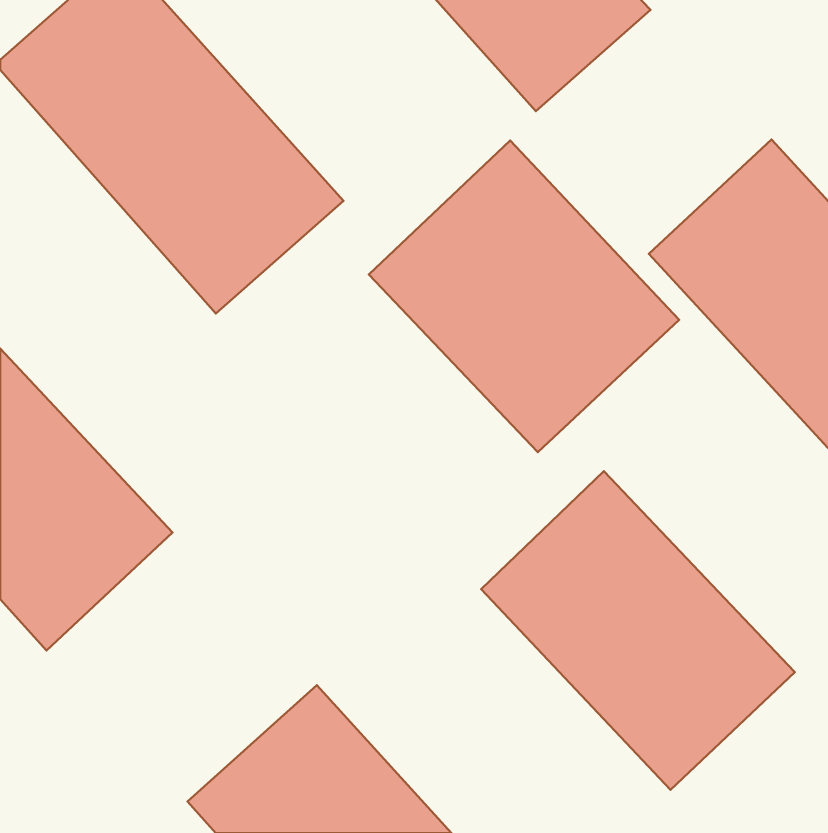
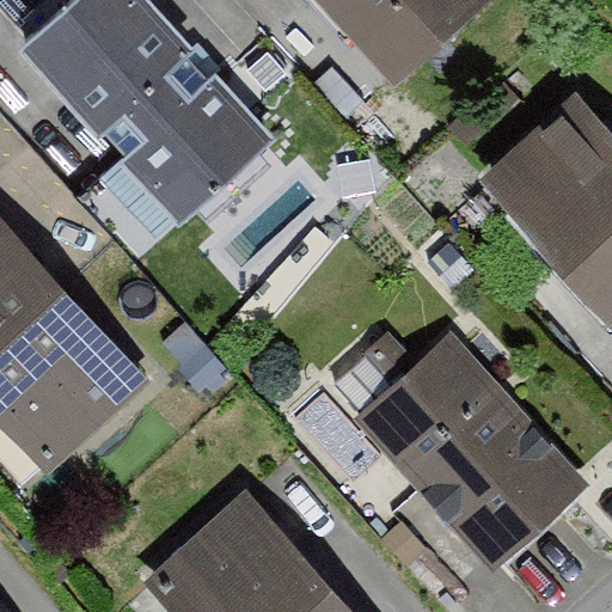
building: [369,141,679,452] -> none

